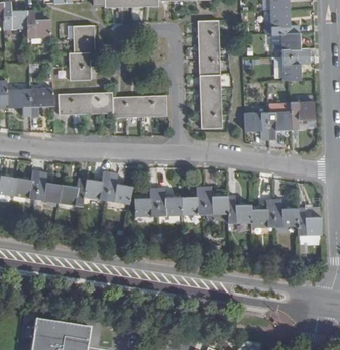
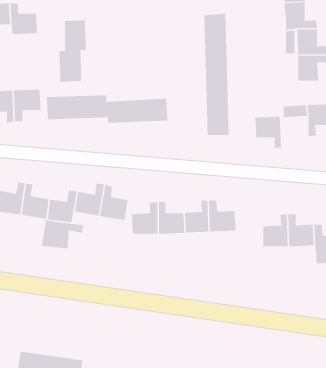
building: [266,111,291,139] -> none
building: [226,195,250,223] -> none
building: none -> [41,219,84,249]

